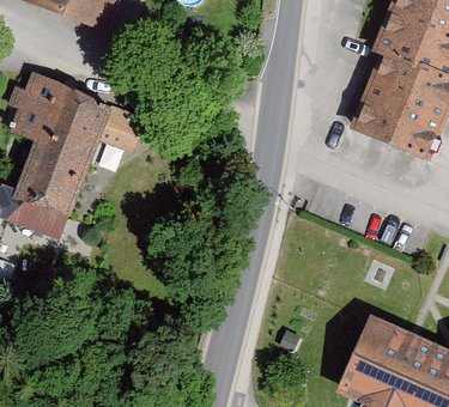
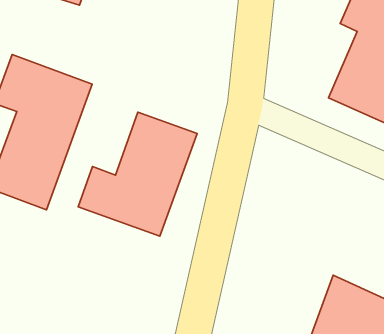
building: none -> [78,112,197,236]

